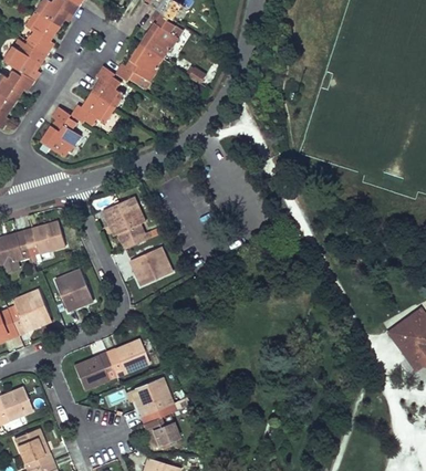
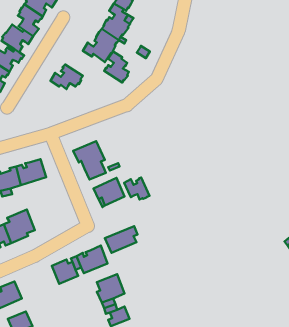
building: [91,66,124,108] -> [104,51,129,82]
building: [41,106,80,157] -> none
building: none -> [124,178,149,200]
building: [54,270,92,312] -> none
building: none -> [105,226,138,253]

